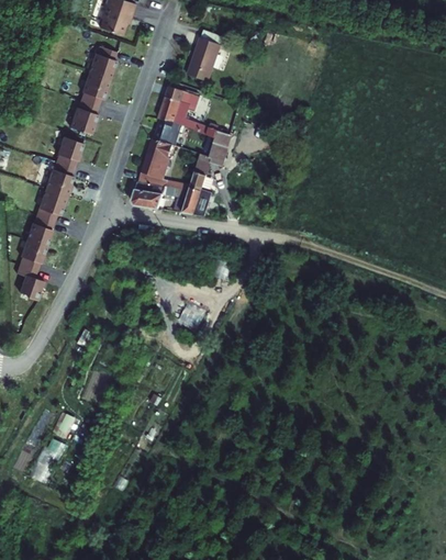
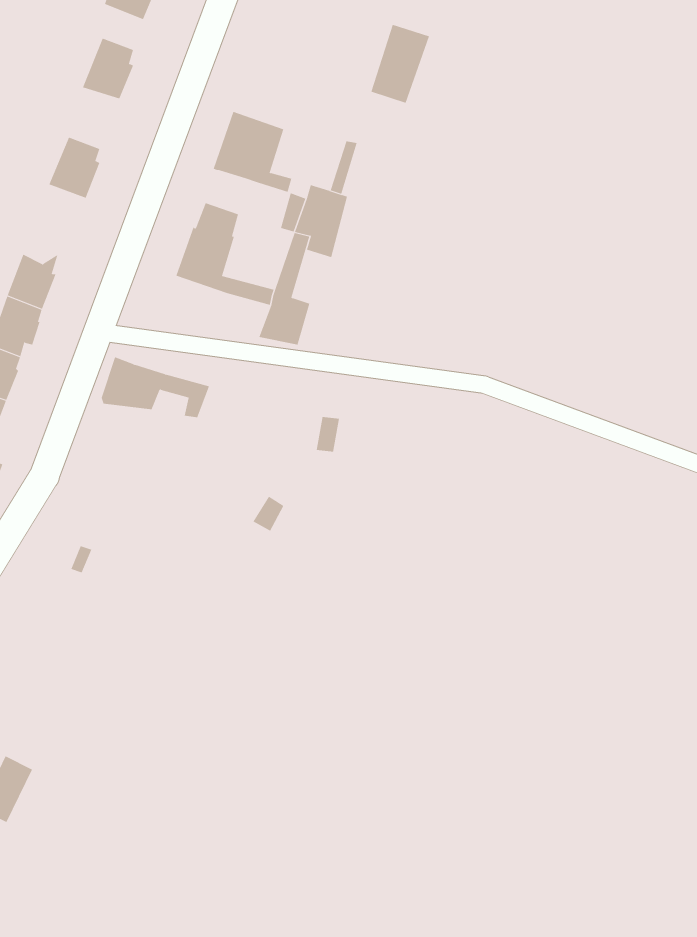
building: [189,38,222,82] -> [371,24,430,104]
building: [79,74,108,108] -> none
building: [155,120,183,145] -> none
building: [54,137,82,171] -> none
building: [131,178,191,212] -> [101,356,210,418]

